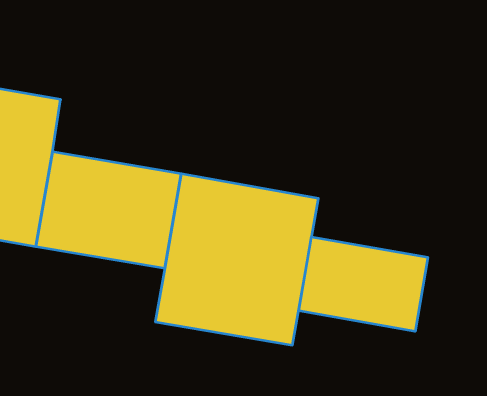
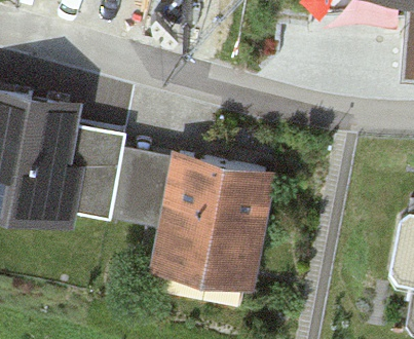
building: [299,237,428,331] -> none

